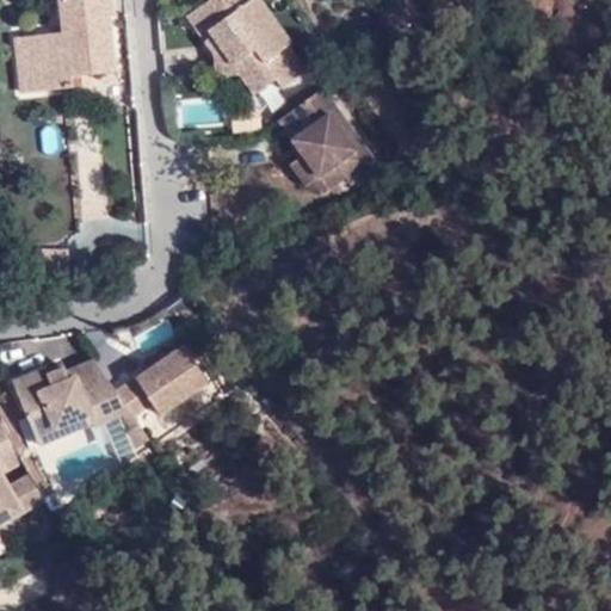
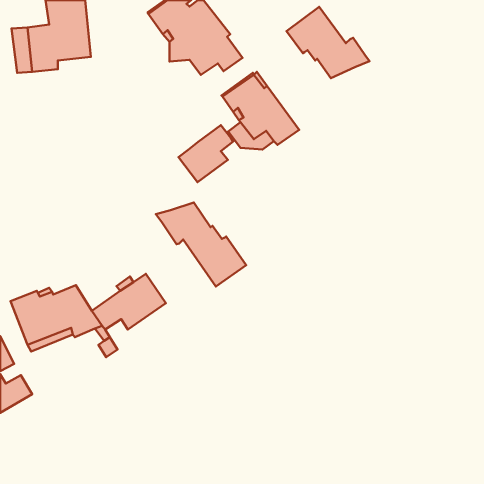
building: none -> [287,7,370,78]
building: none -> [178,125,233,182]
building: none -> [156,202,246,286]

